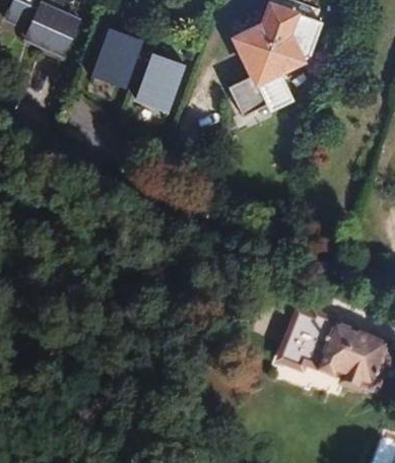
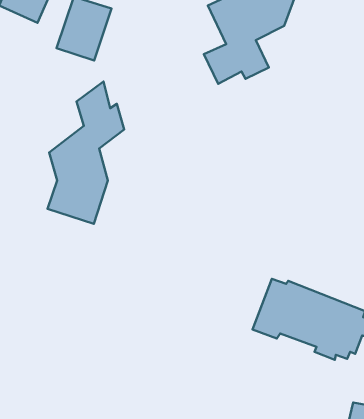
building: [125,51,182,115] -> none
building: none -> [48,81,124,224]

